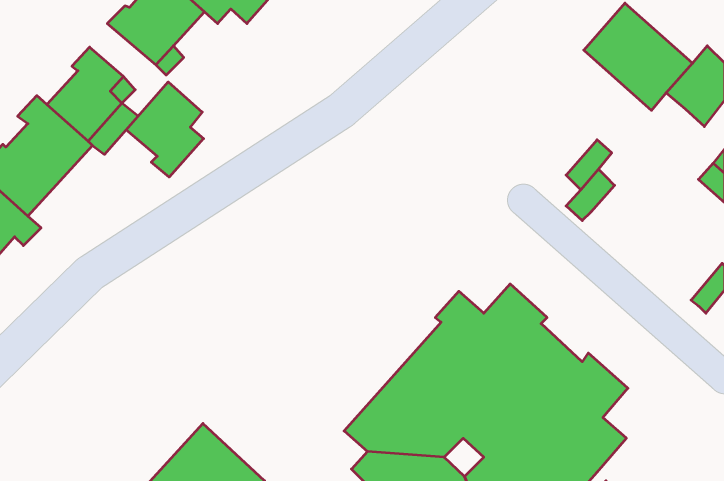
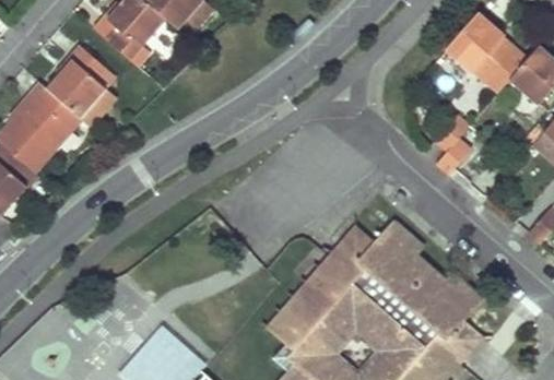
building: [126,82,204,177] -> none

